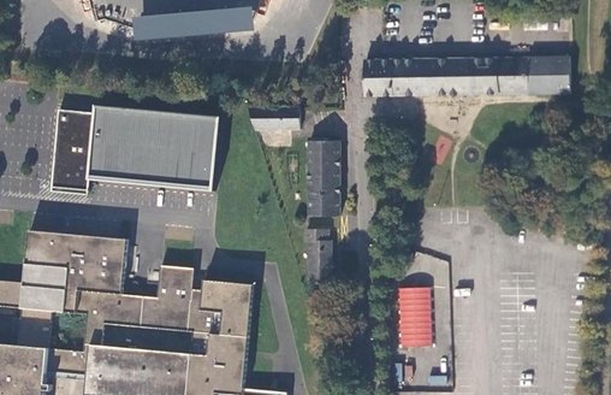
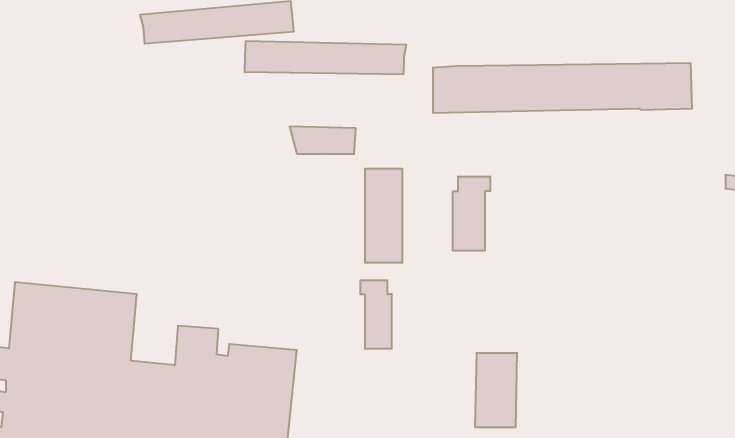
building: none -> [245,41,406,74]
building: [49,105,218,195] -> none
building: none -> [453,176,490,251]

